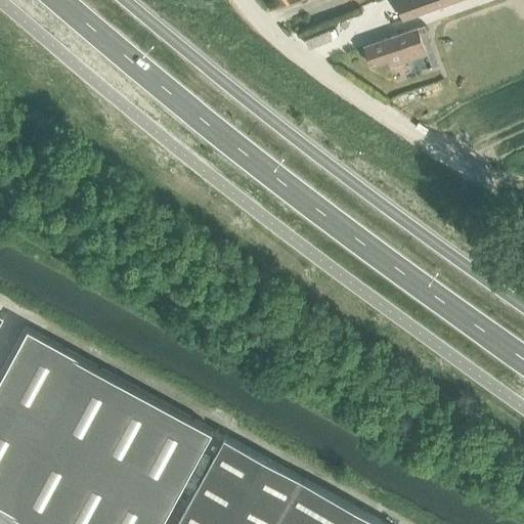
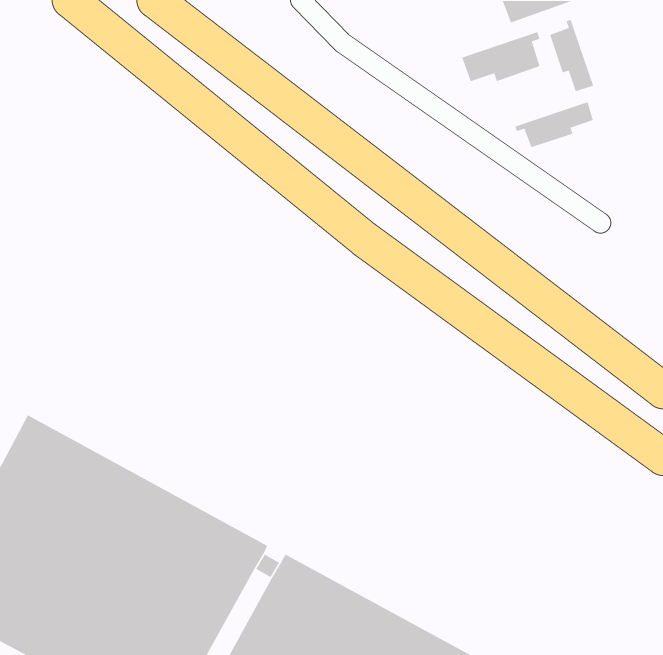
building: none -> [549,19,594,92]
building: none -> [514,101,594,148]

